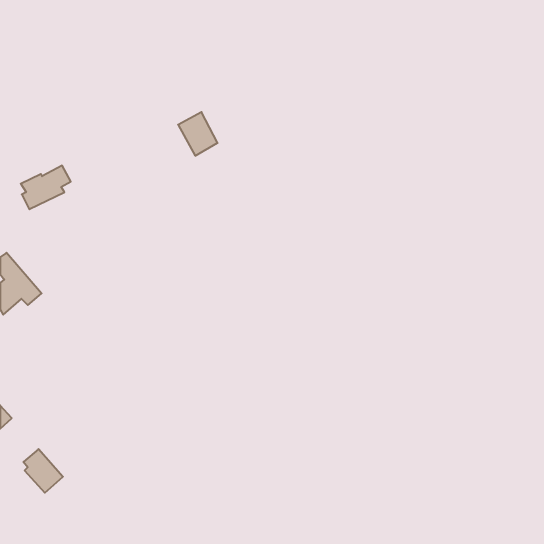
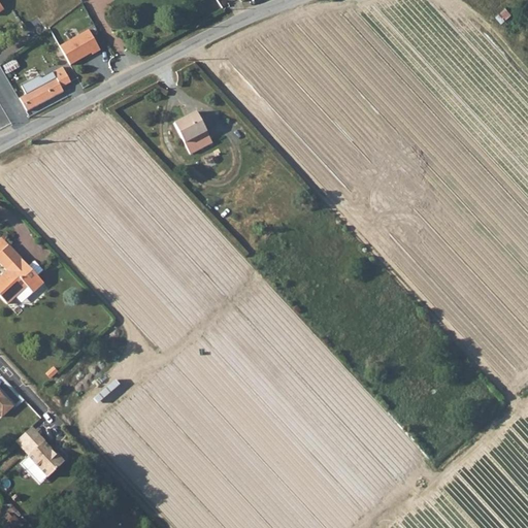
building: none -> [61,29,101,64]
building: [21,166,71,209] -> [23,65,71,107]

